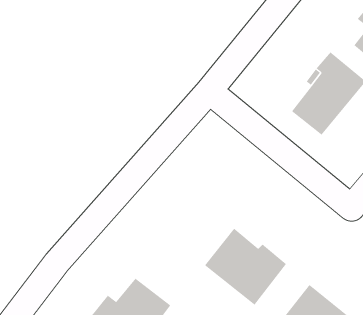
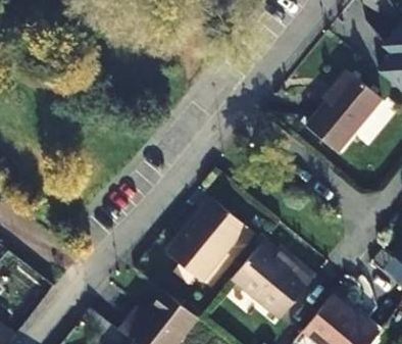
building: none -> [165,199,244,282]

